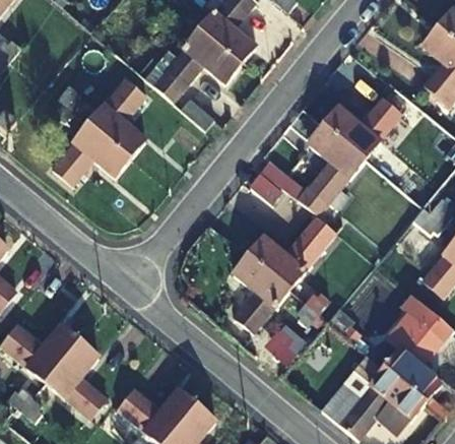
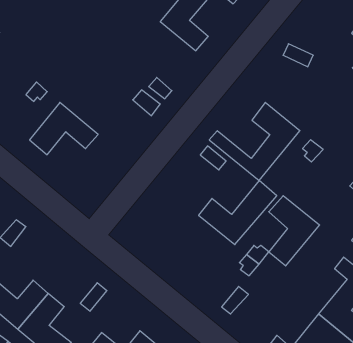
building: [158,33,244,102] -> none
building: [88,67,155,162] -> none
building: [323,99,399,157] -> none
building: [231,254,288,334] -> [269,196,320,266]

